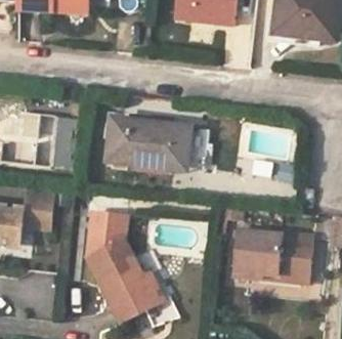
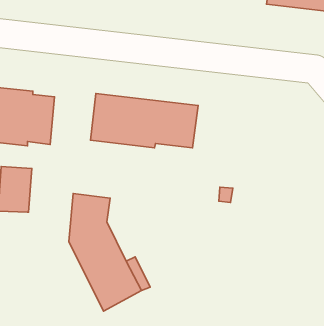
building: [231,228,309,281] -> none

